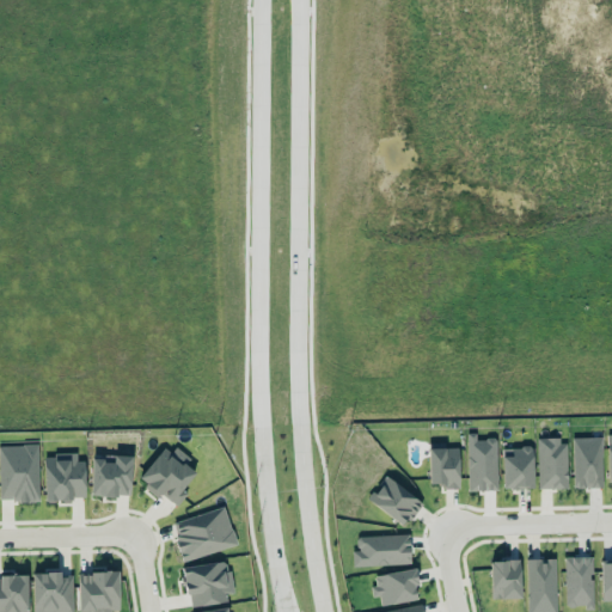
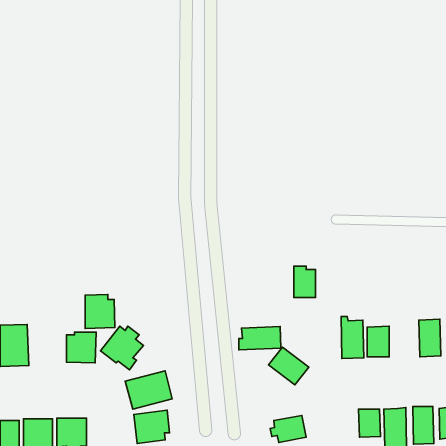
building: [538,439,569,489] -> none
building: [429,443,459,486] -> [294,266,316,298]
building: [45,454,86,501] -> [85,294,115,329]
building: [354,534,411,567] -> [239,326,281,350]

